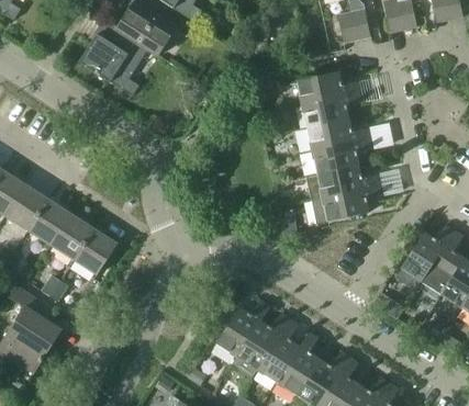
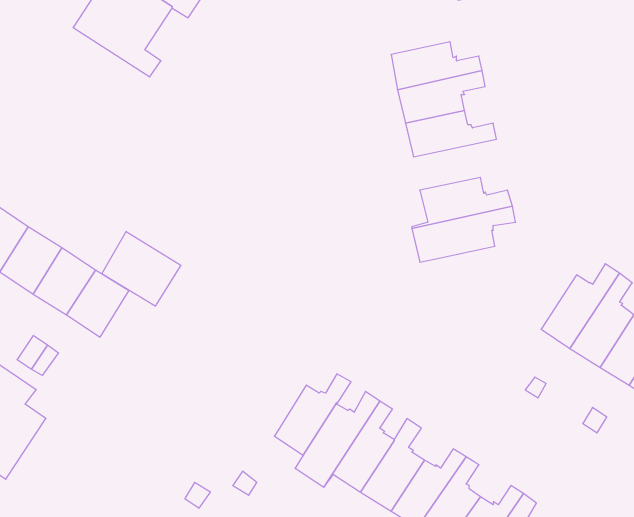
building: [312,138,371,173] -> none
building: none -> [102,231,181,306]

